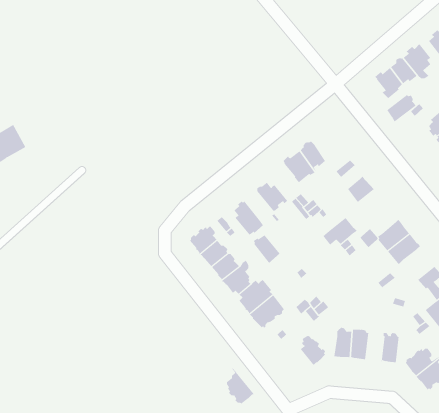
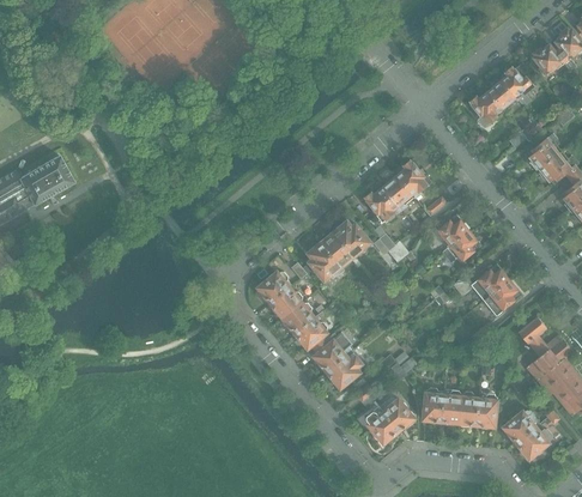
building: [386,94,416,122] -> none
building: none -> [396,160,431,199]
building: [323,217,357,245] -> [442,230,481,262]
building: [253,235,281,264] -> [321,232,352,266]
building: none -> [459,390,479,426]
building: [226,368,254,404] -> [366,401,399,443]

